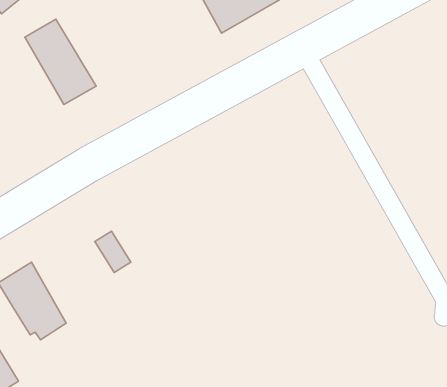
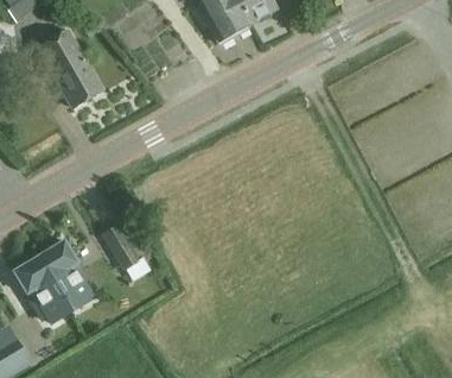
building: none -> [43,240,91,308]

